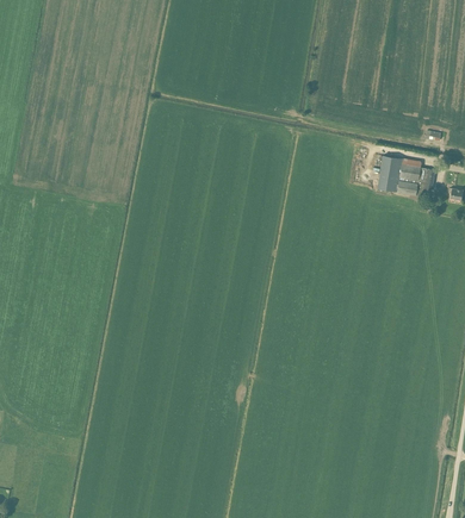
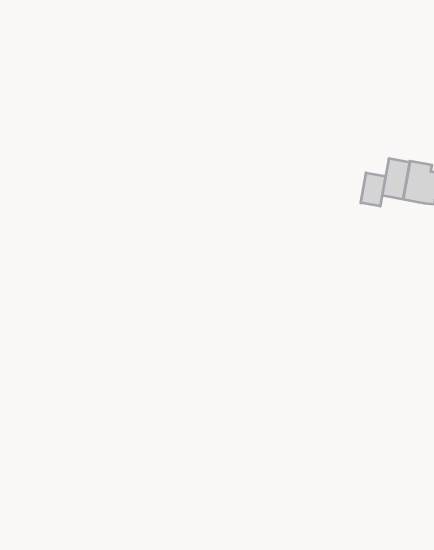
building: none -> [361,173,386,206]

